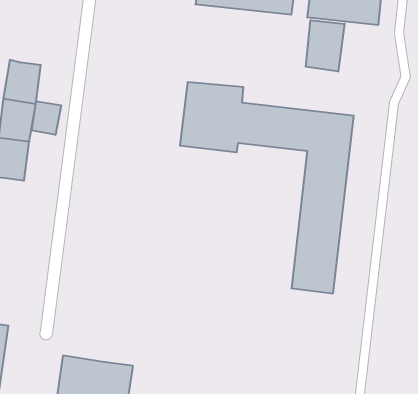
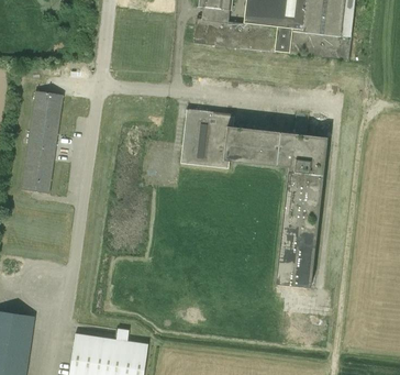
building: [306,20,345,72] -> none
building: [32,101,61,135] -> none

